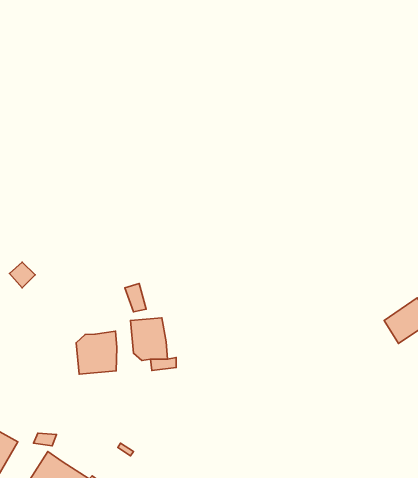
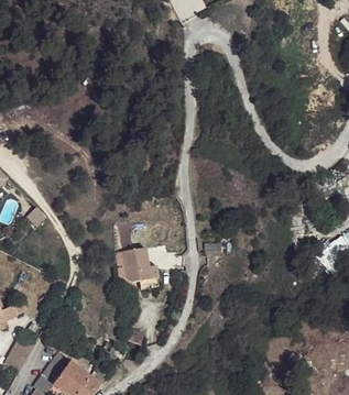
building: [76,331,117,374] -> none

